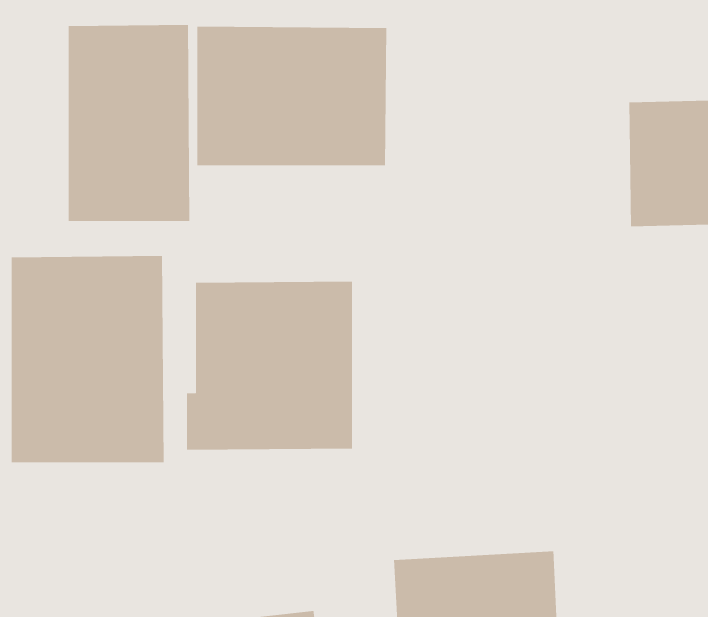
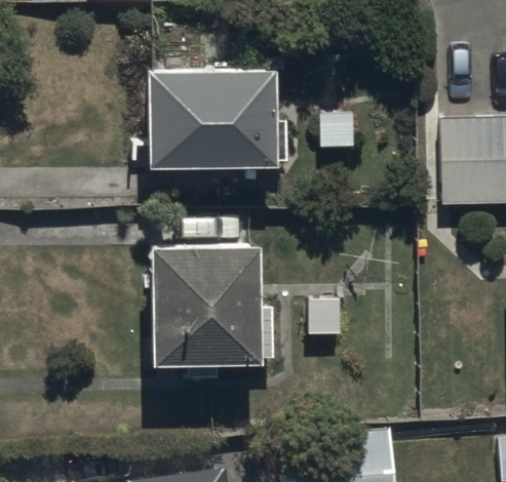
building: [68,24,190,222] -> none
building: [11,255,165,463] -> none

